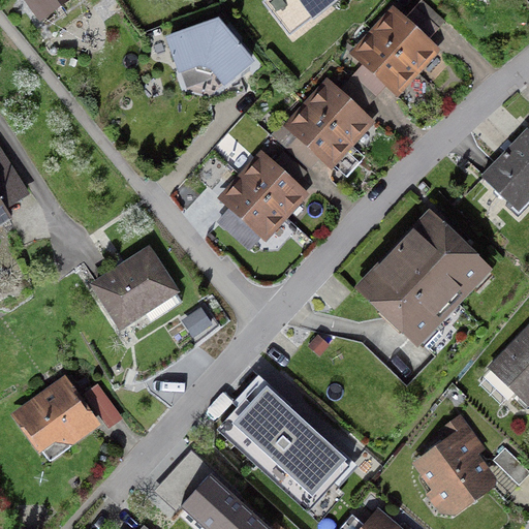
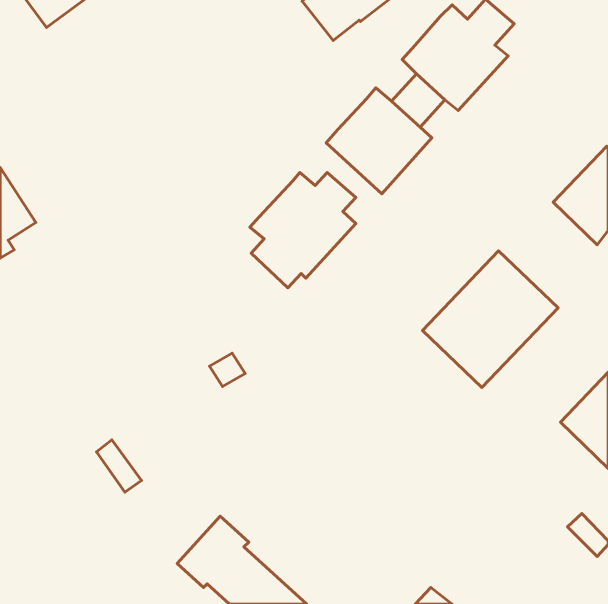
building: [165,18,254,95] -> none
building: [90,245,180,331] -> none
building: [10,374,101,460] -> none
building: [223,382,349,503] -> none
building: [419,417,486,502] -> none

